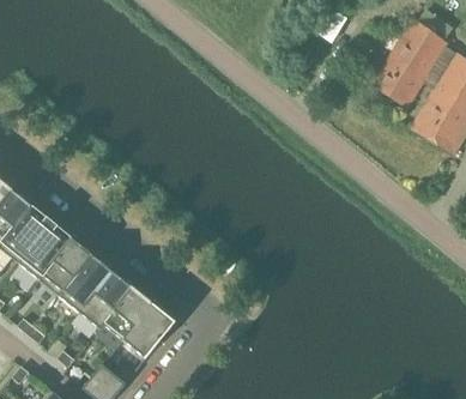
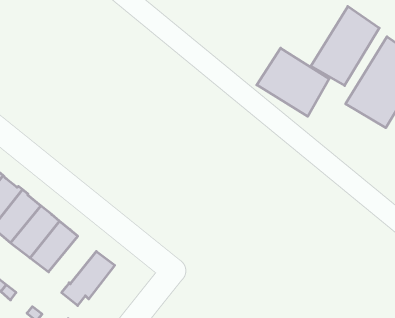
building: none -> [257,48,329,116]
building: [81,273,134,330] -> none
building: [126,306,175,358] -> none

